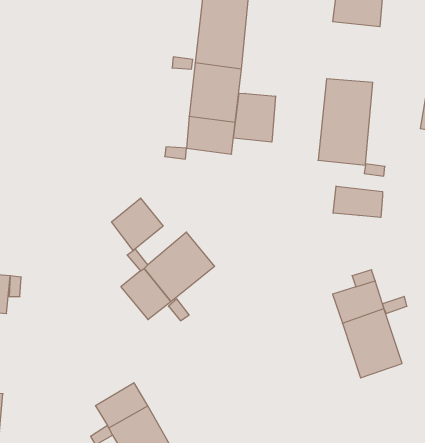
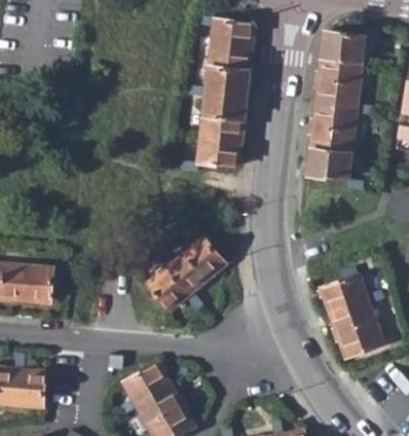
building: none -> [317,57,362,108]
building: [234,93,275,142] -> none
building: [333,186,383,217] -> none
building: [112,198,163,251] -> none

